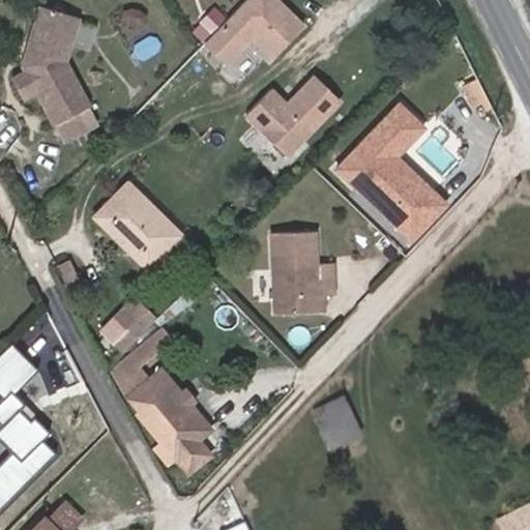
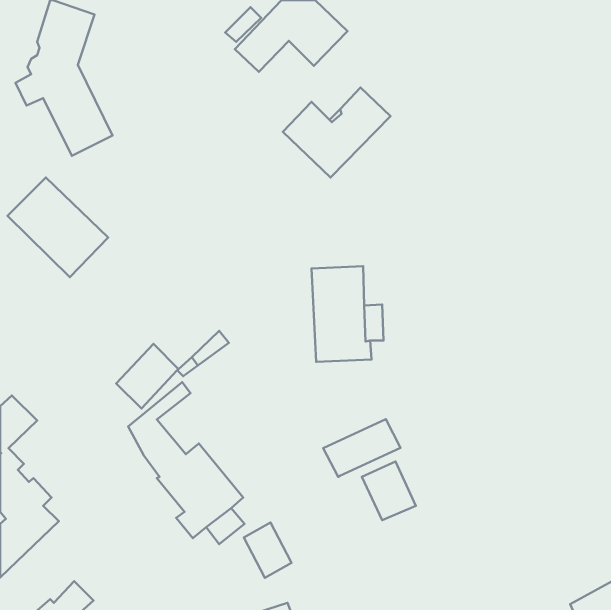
building: [335,97,453,243] -> none
building: [94,184,181,270] -> [7,178,108,277]
building: none -> [323,419,401,477]
building: none -> [244,522,292,578]

